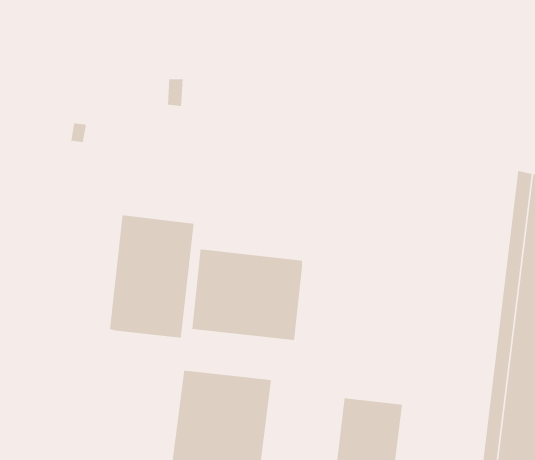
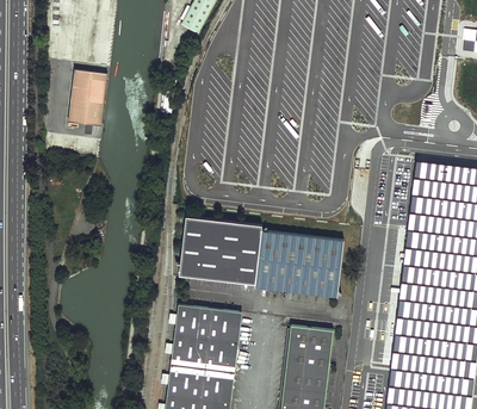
building: none -> [67,68,106,124]
building: [109,214,194,338] -> none
building: none -> [255,231,343,297]

